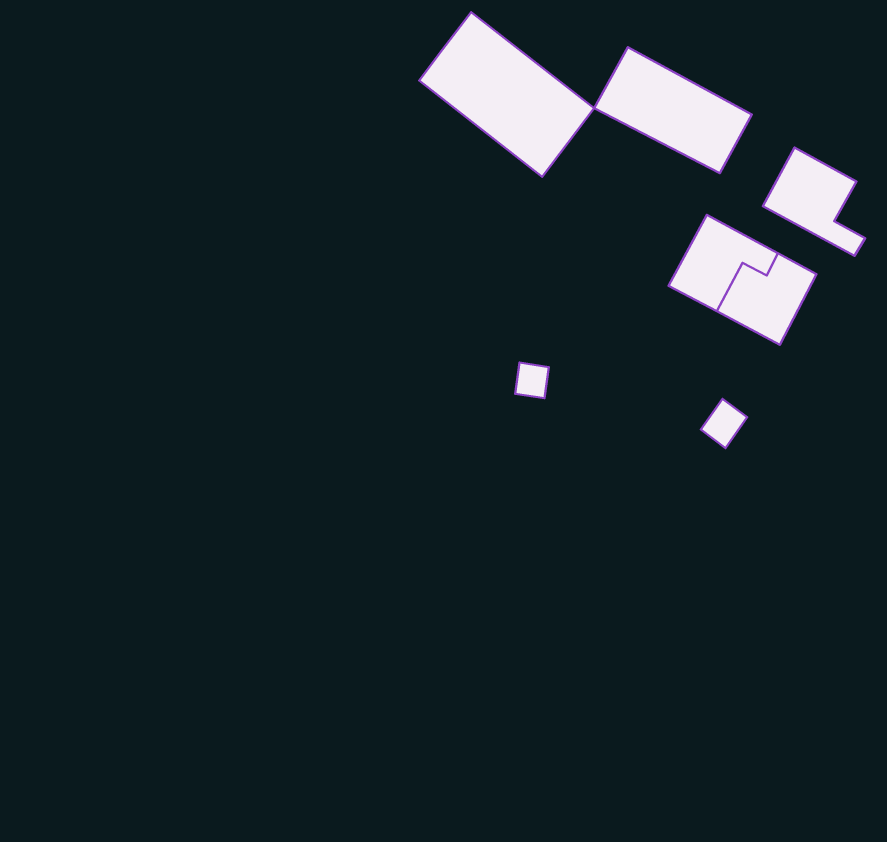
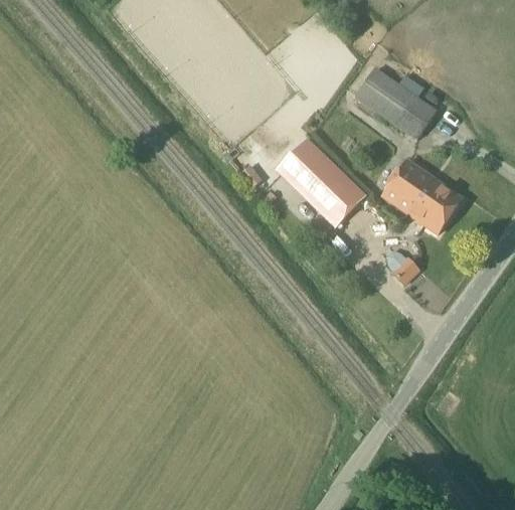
building: [419,12,594,177] -> [276,136,366,226]
building: [763,147,865,256] -> none

